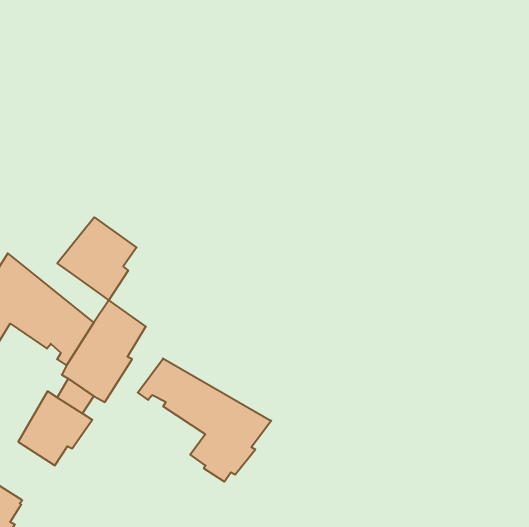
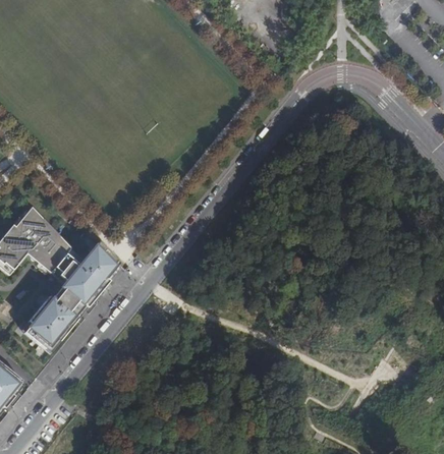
building: [57,217,137,300] -> none
building: [138,358,271,482] -> none

